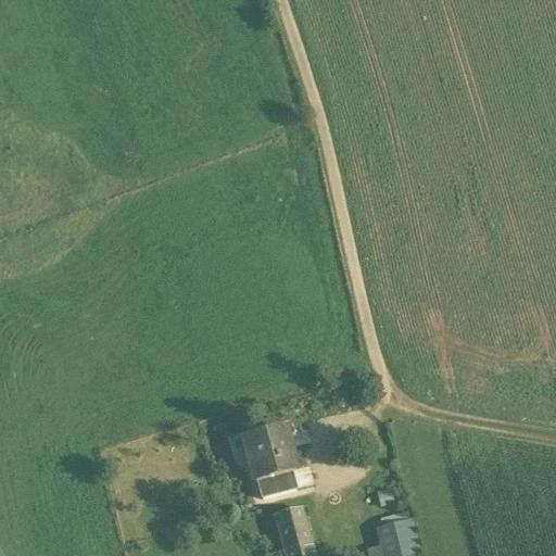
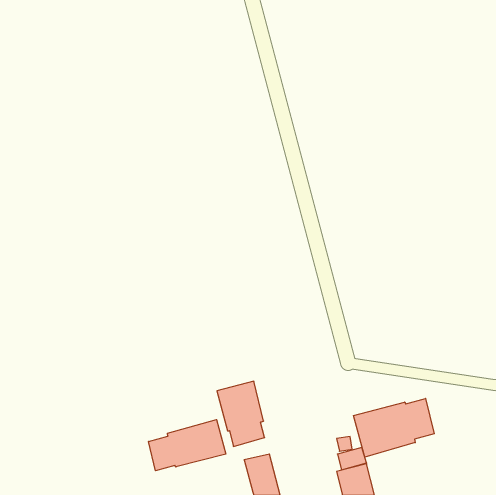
building: none -> [354,398,434,457]
building: none -> [149,420,226,471]

